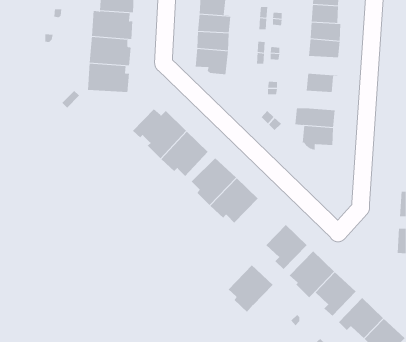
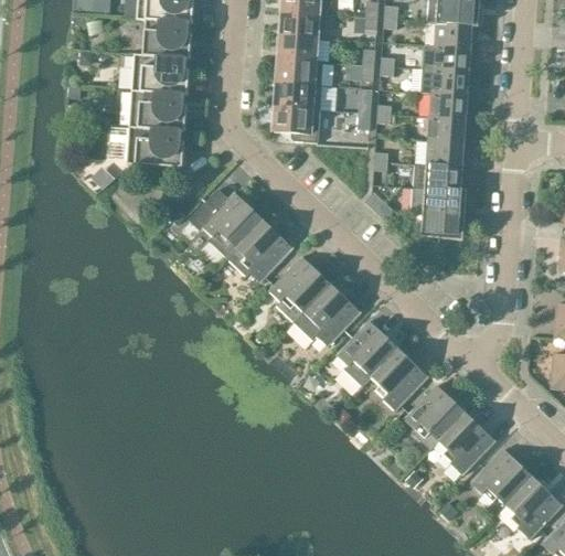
building: none -> [428,116,471,142]
building: none -> [413,162,467,190]
building: [228,265,274,313] -> [335,319,398,385]

